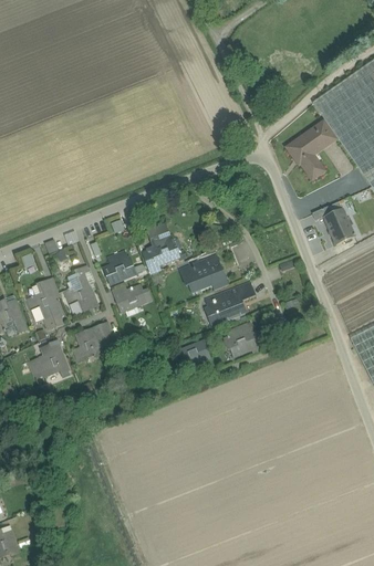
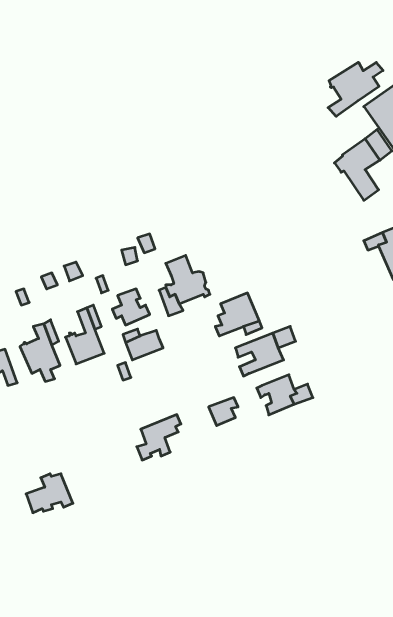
building: none -> [328,62,383,116]
building: [74,323,111,360] -> [137,415,181,460]
building: [30,345,69,377] -> [26,474,73,513]

